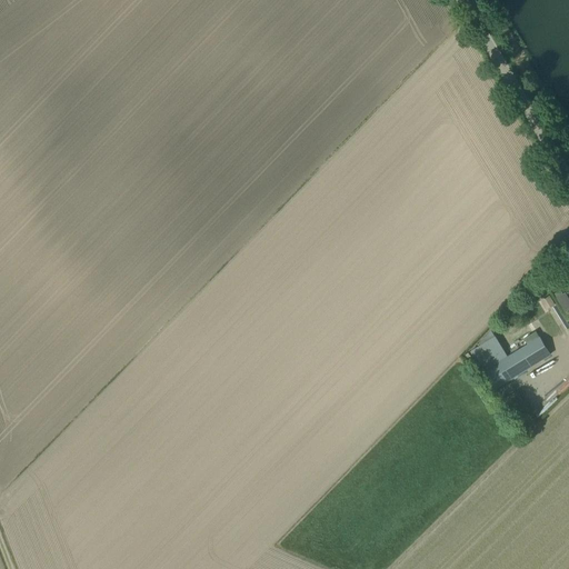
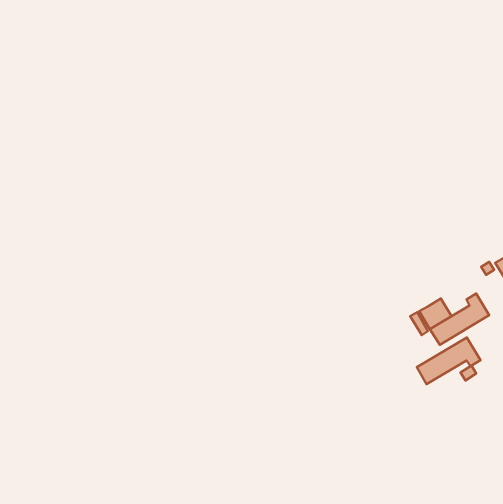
building: none -> [417,337,481,384]

